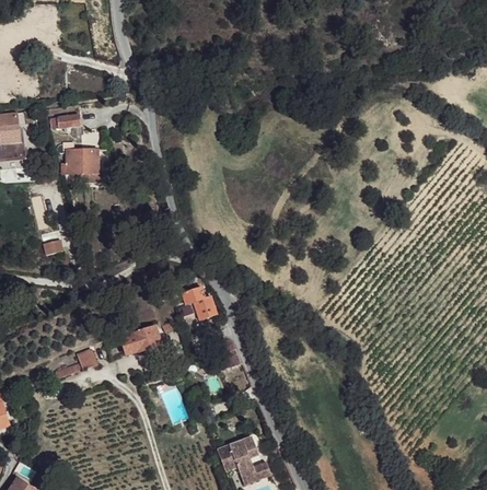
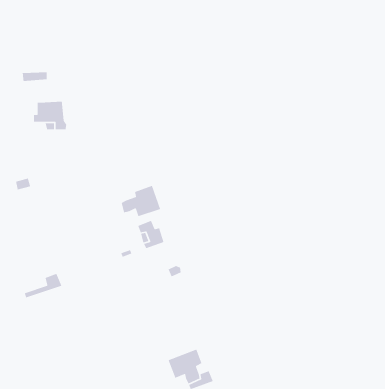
building: none -> [121,185,161,217]
building: [119,323,160,354] -> none

